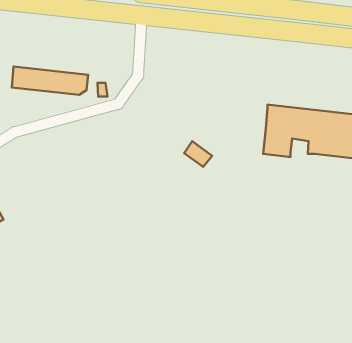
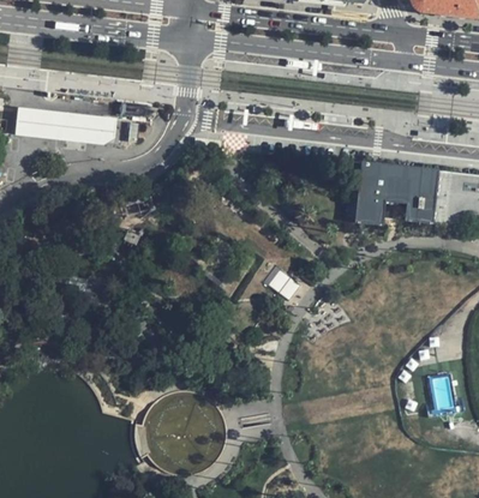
building: [184,141,212,167] -> [264,264,301,298]

